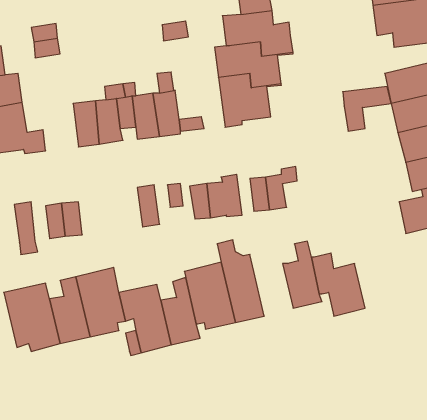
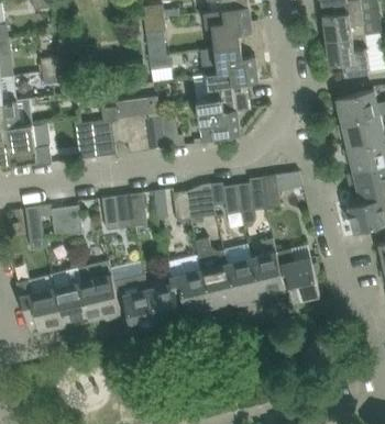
building: [343,86,391,131] -> [261,171,301,209]
building: none -> [101,193,132,230]
building: none -> [226,257,258,301]

